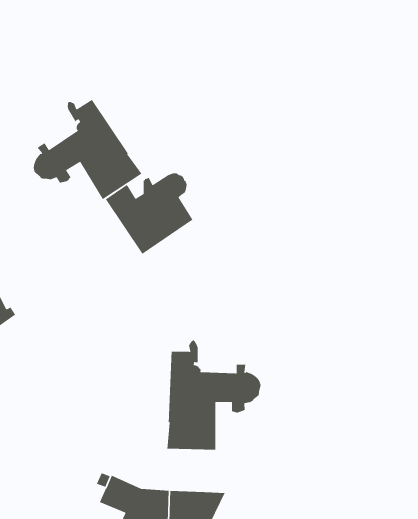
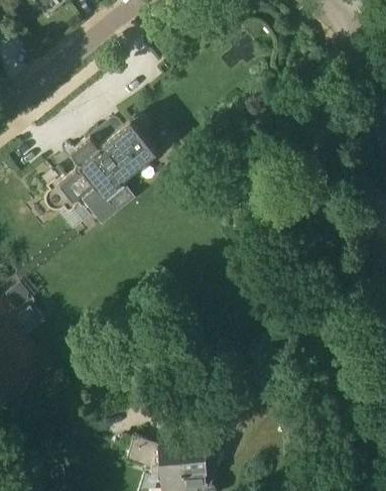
building: [105,172,194,255] -> [86,116,157,183]
building: [167,340,262,450] -> none

